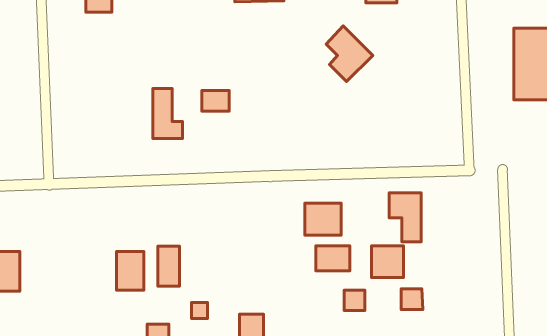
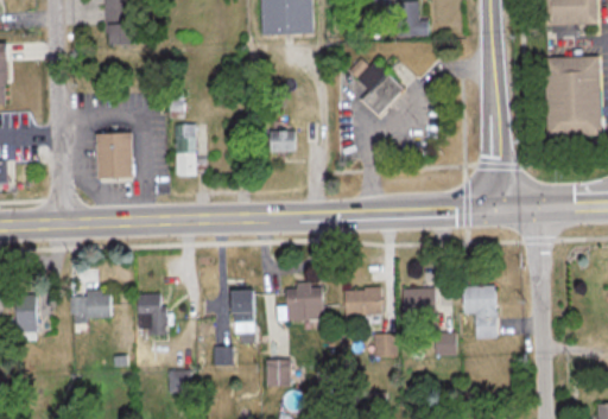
building: [202,91,229,111] -> [268,131,297,152]
building: none -> [95,133,133,179]
building: [389,193,421,242] -> [463,287,496,338]
building: [305,203,341,235] -> [285,286,323,319]
building: [158,246,180,286] -> [232,291,254,332]
building: none -> [72,293,112,319]

